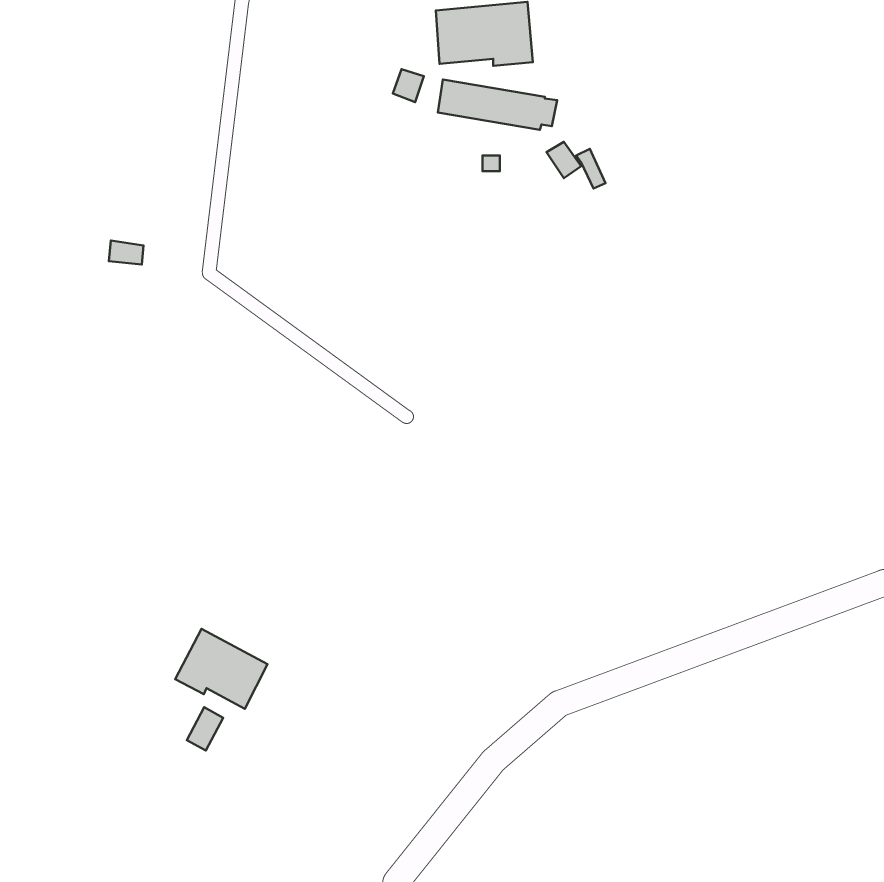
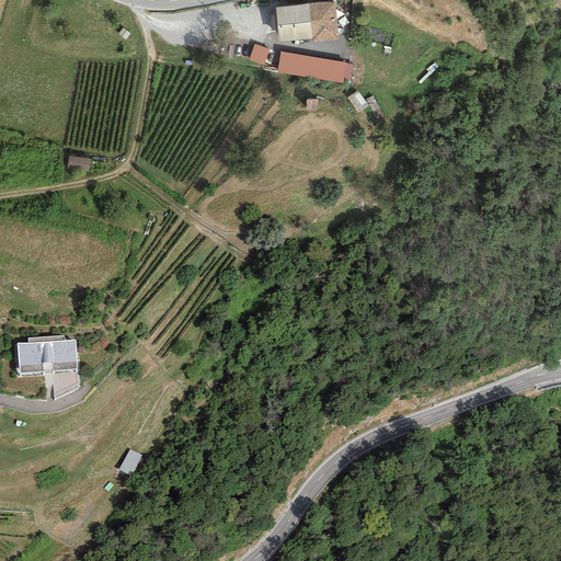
building: none -> [16,335,77,373]
building: [175,629,267,709] -> none

